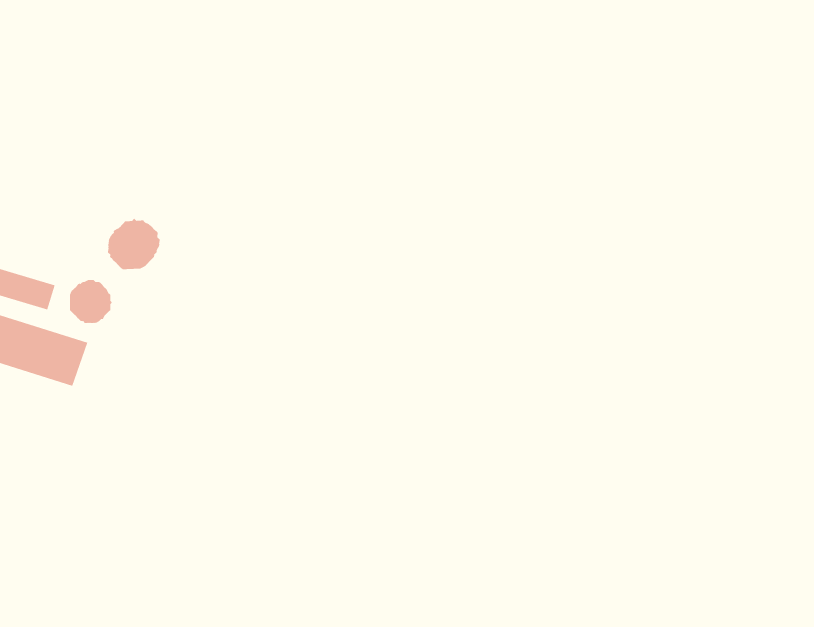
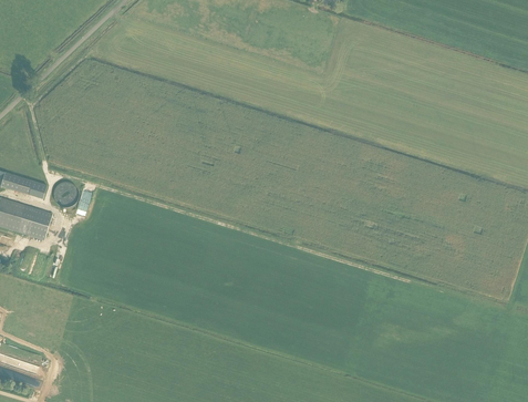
building: [108,218,160,270] -> none

